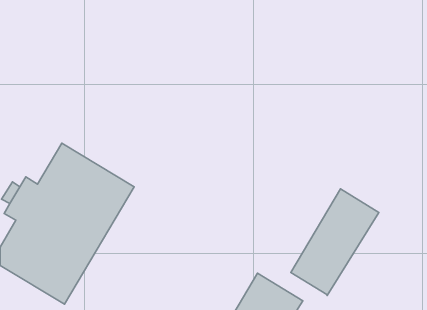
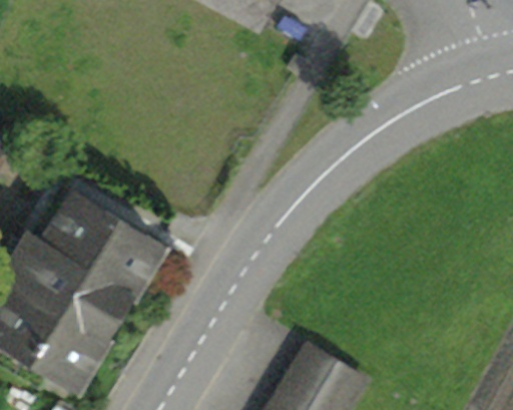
building: [291,189,379,295] -> none

